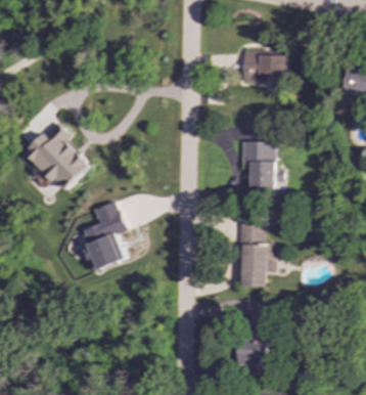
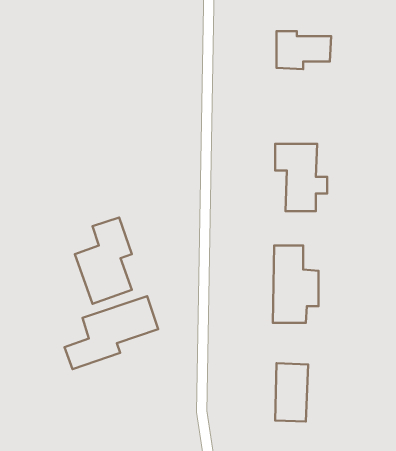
building: [25,121,90,190] -> none
building: none -> [64,296,158,369]

